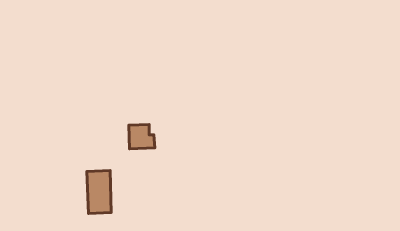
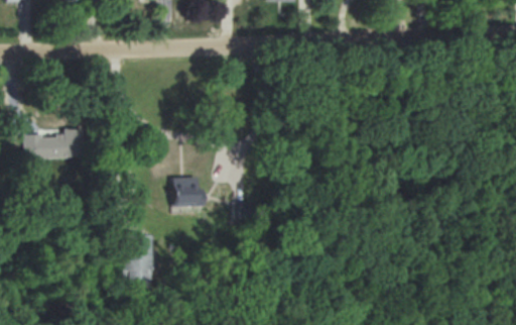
building: none -> [26,128,85,163]

